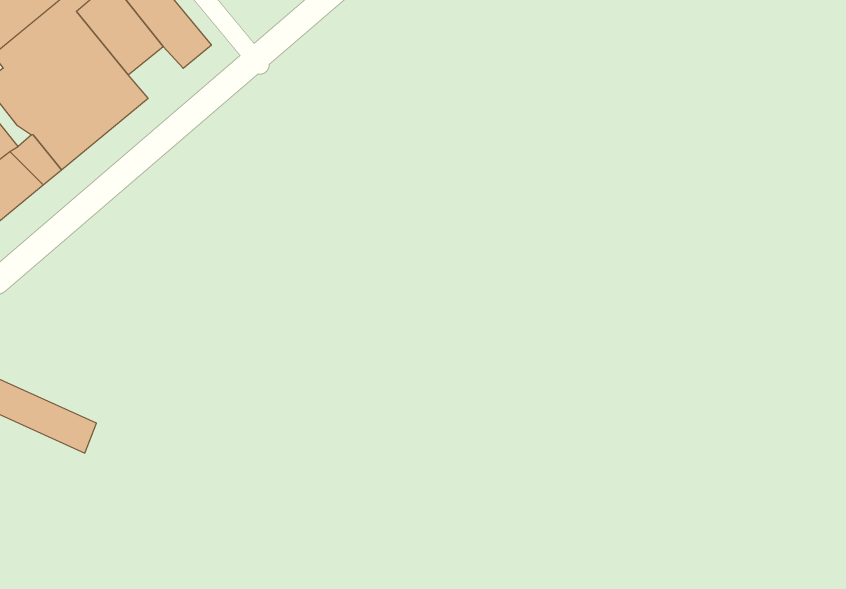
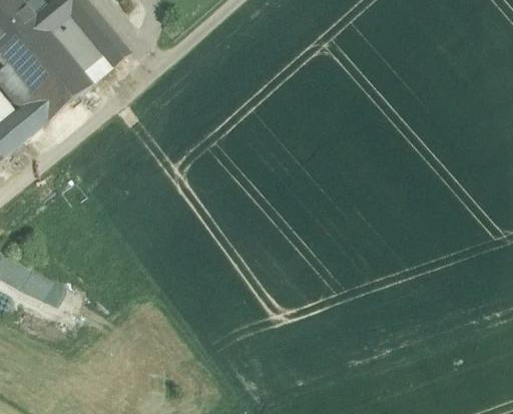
building: none -> [77,54,110,85]

